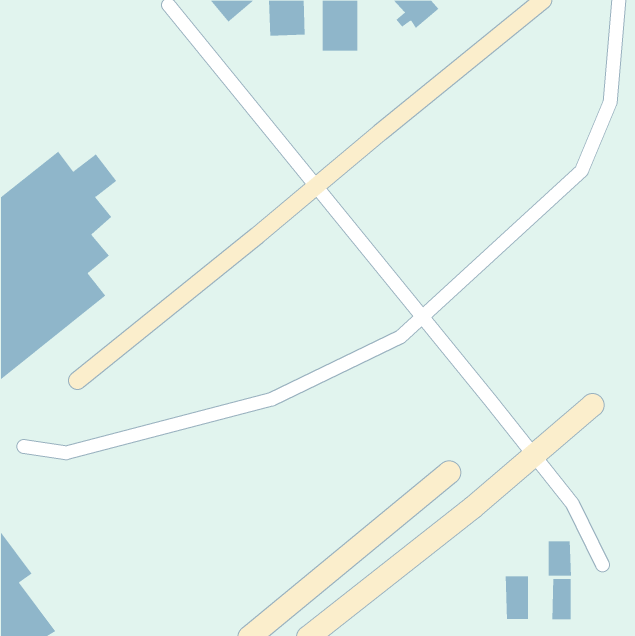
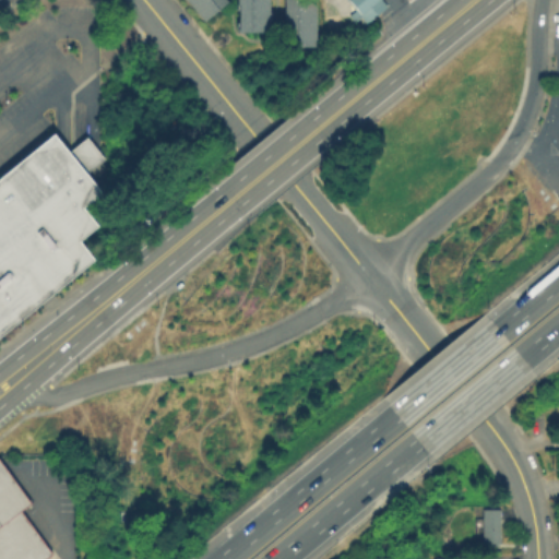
building: [548,541,571,577] -> none
building: [505,575,529,620] -> none

